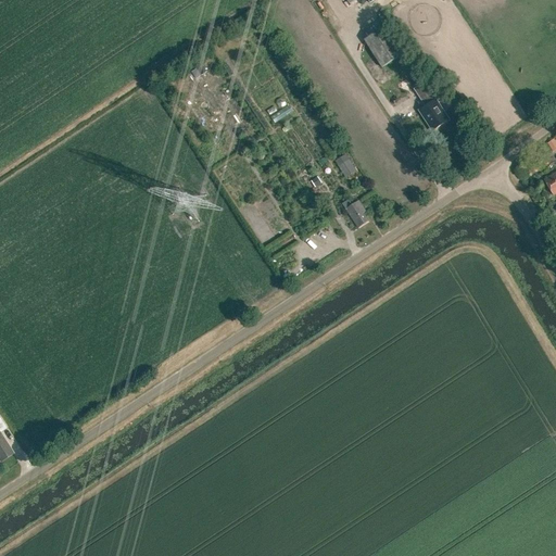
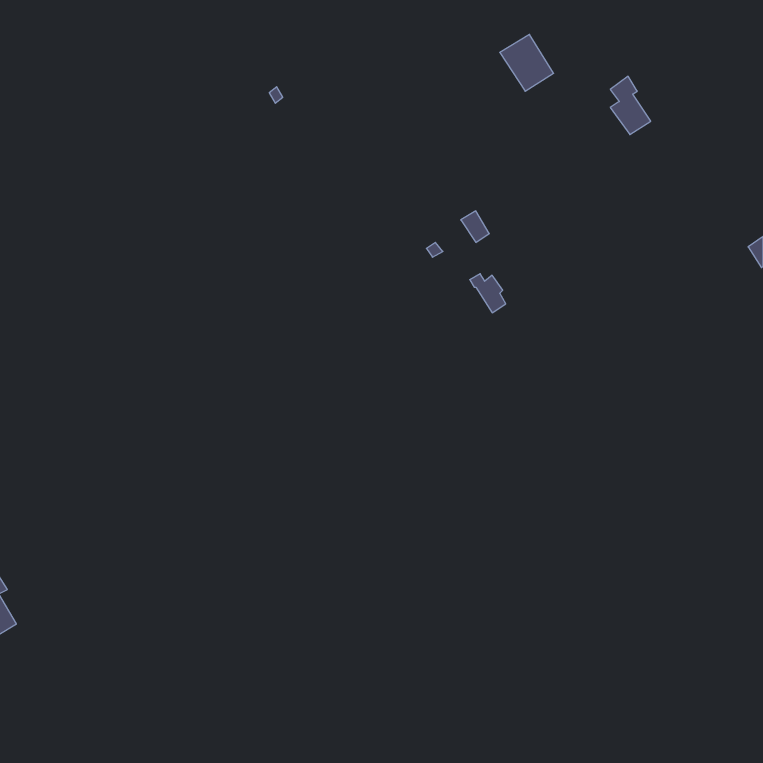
building: [418,87,447,129] -> [610,76,651,135]

